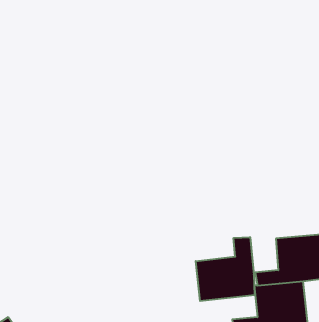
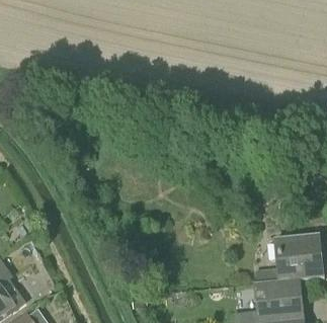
building: [196,237,255,301] -> none

